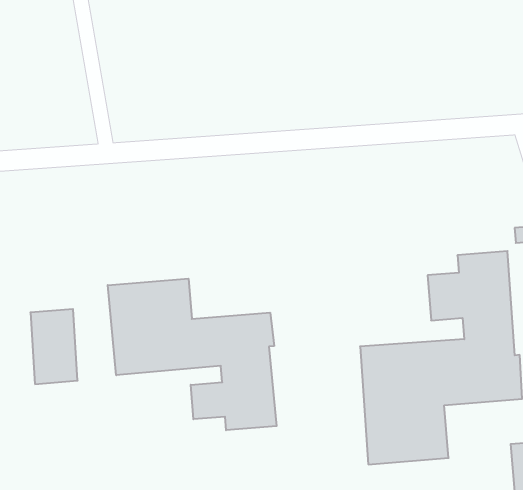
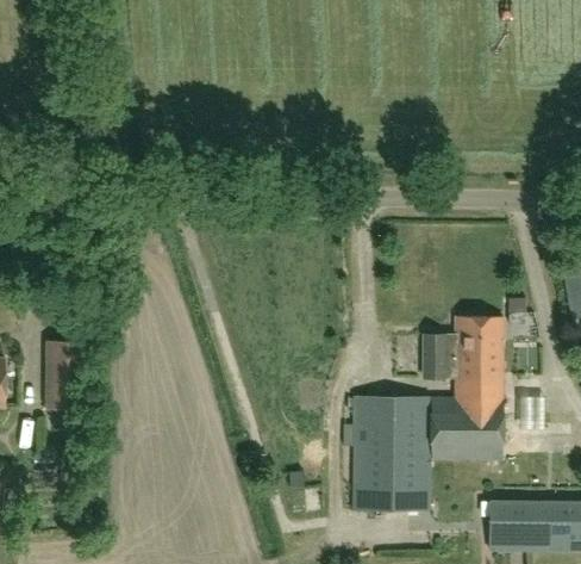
building: [108,279,277,430] -> none

